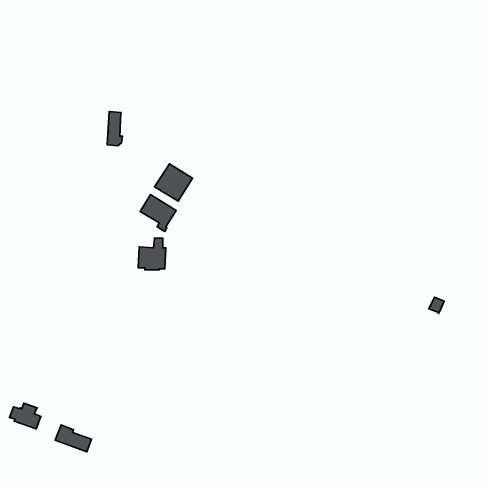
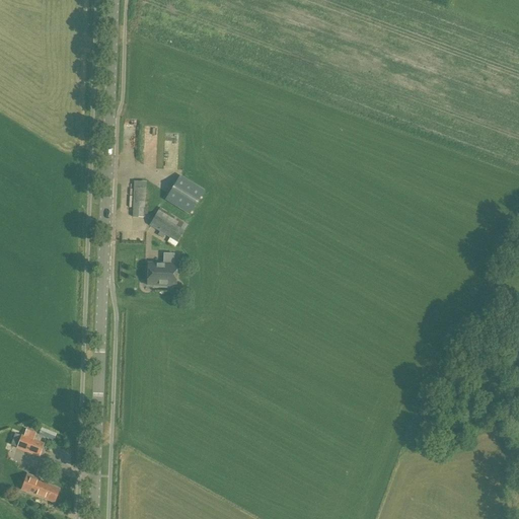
building: [107,111,123,146] -> [132,180,148,217]
building: [55,425,92,452] -> [20,473,59,502]

